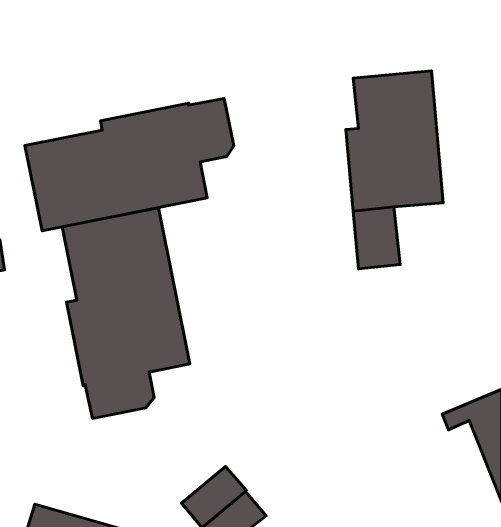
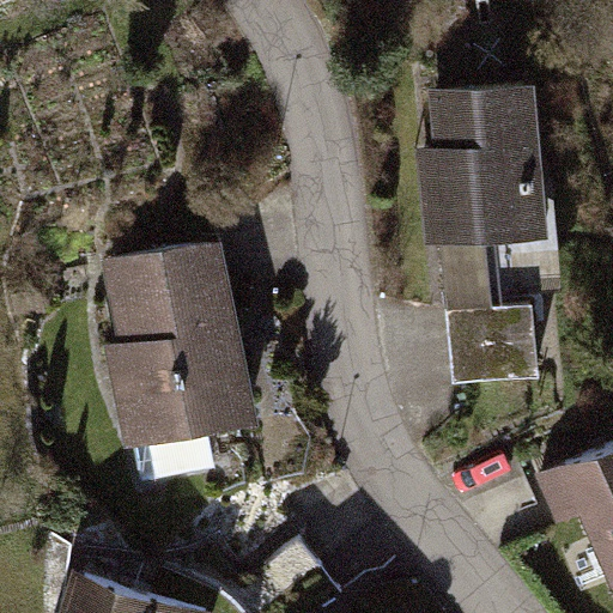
building: [25,99,234,231] -> none
building: none -> [445,302,538,382]

